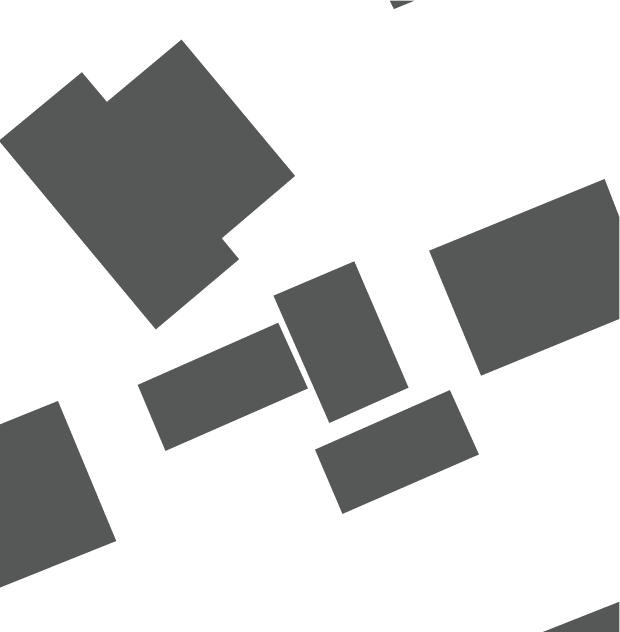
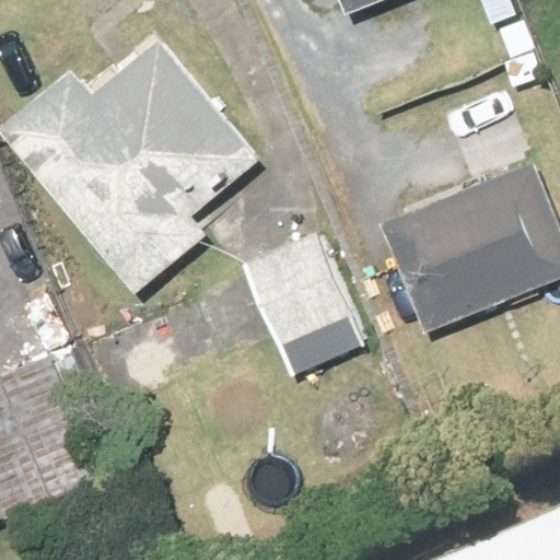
building: [137,322,309,452] -> none
building: [314,389,480,515] -> none

